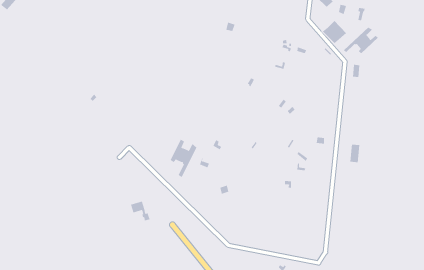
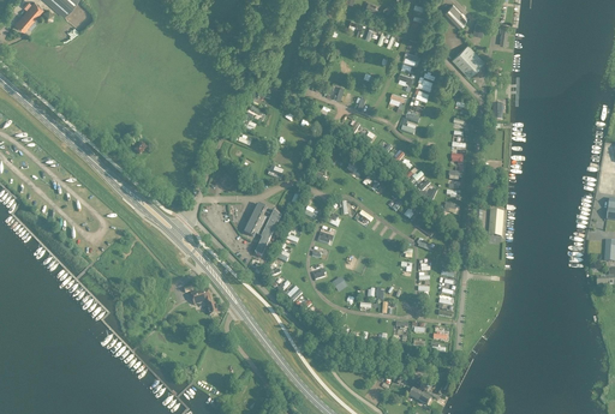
building: [343,27,379,54] -> none

